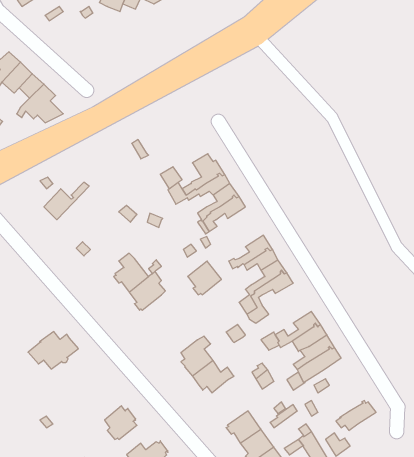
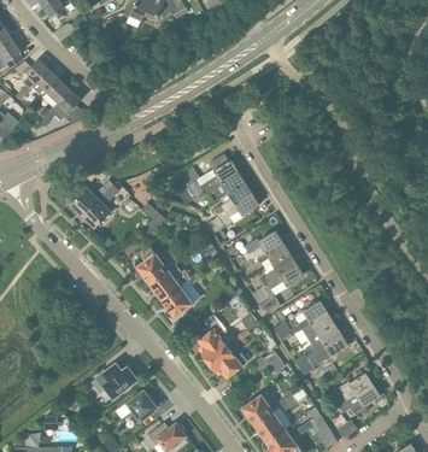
building: none -> [82,184,118,227]
building: [188,261,221,295] -> [162,286,193,317]
building: [28,332,78,369] -> [90,363,137,398]
building: none -> [329,372,373,409]

